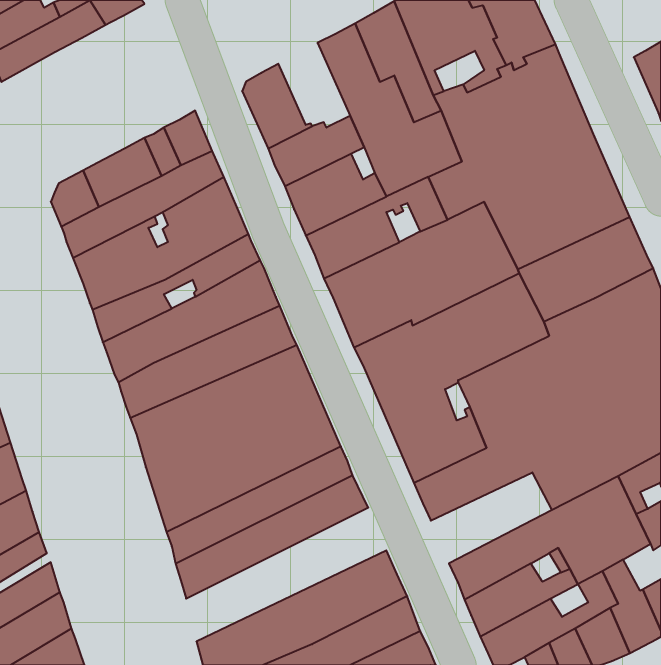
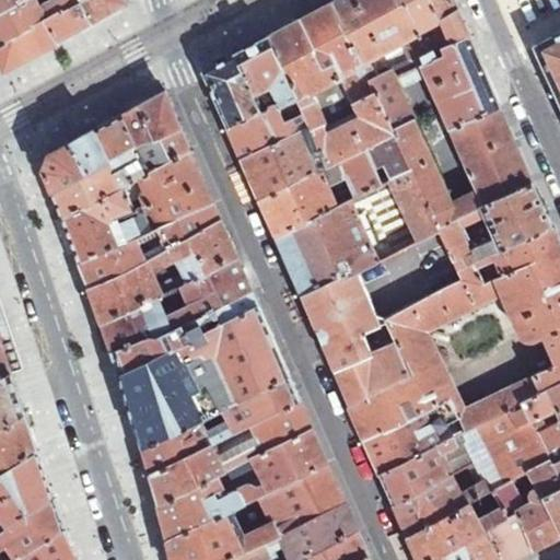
building: none -> [234,36,294,107]
building: none -> [362,397,464,474]
building: none -> [156,427,325,539]

